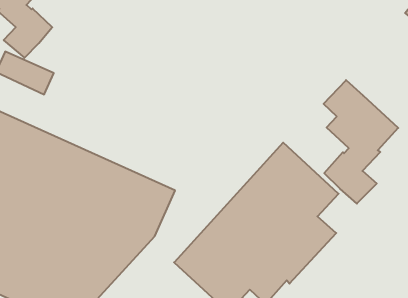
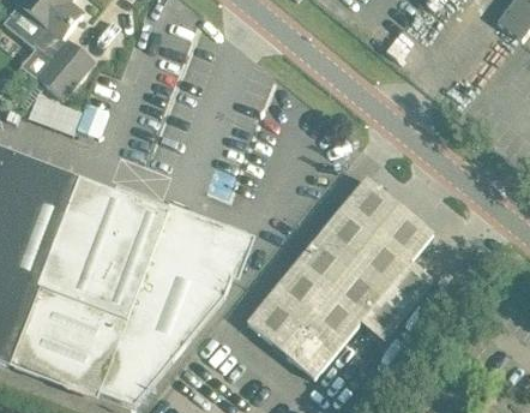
building: [324,80,398,204] -> none

